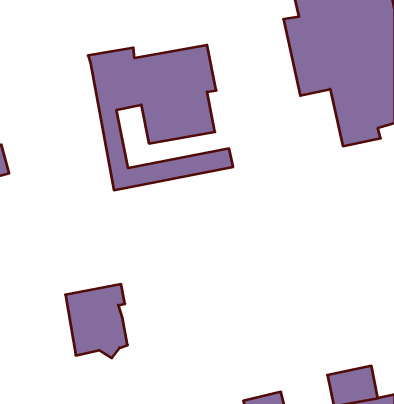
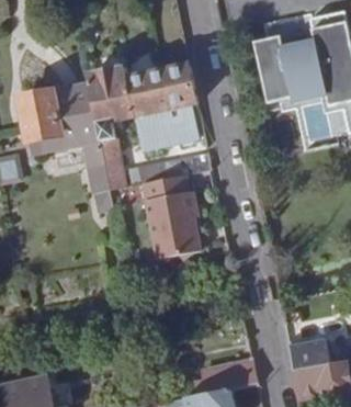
building: none -> [21,82,114,210]
building: [65,284,128,358] -> [149,191,202,253]

